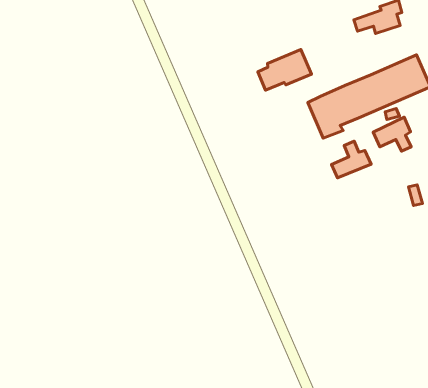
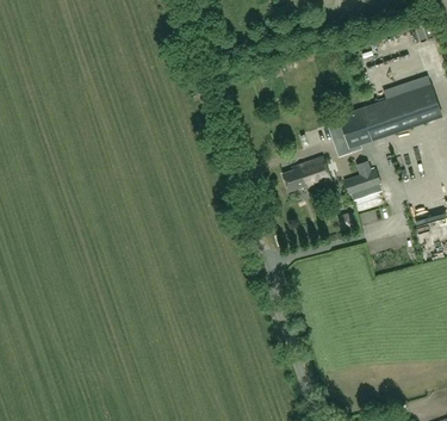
building: [258,49,312,90] -> [283,156,333,192]
building: [373,117,411,151] -> none

